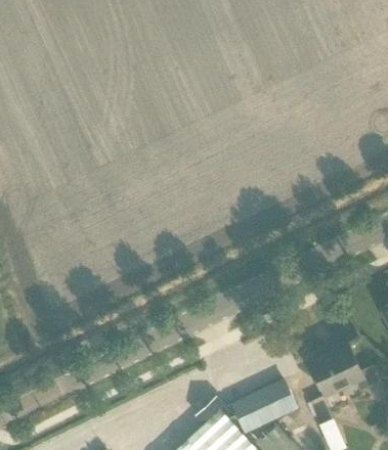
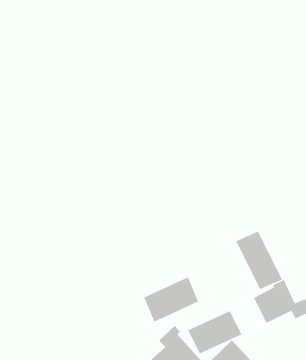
building: none -> [235,231,283,290]
building: none -> [144,277,199,322]

